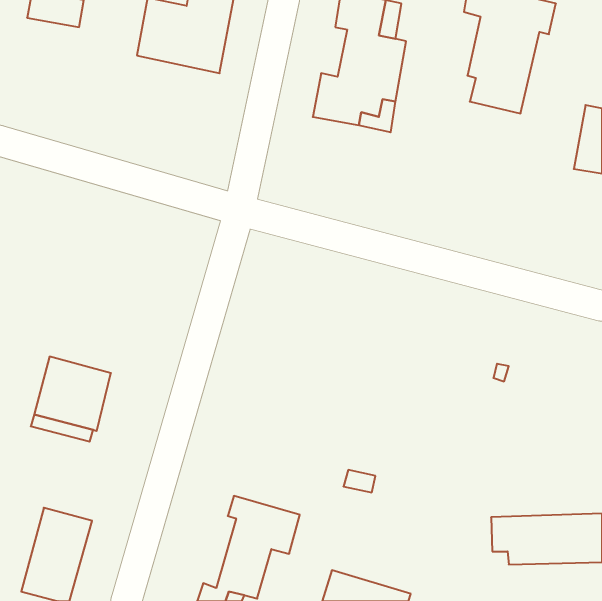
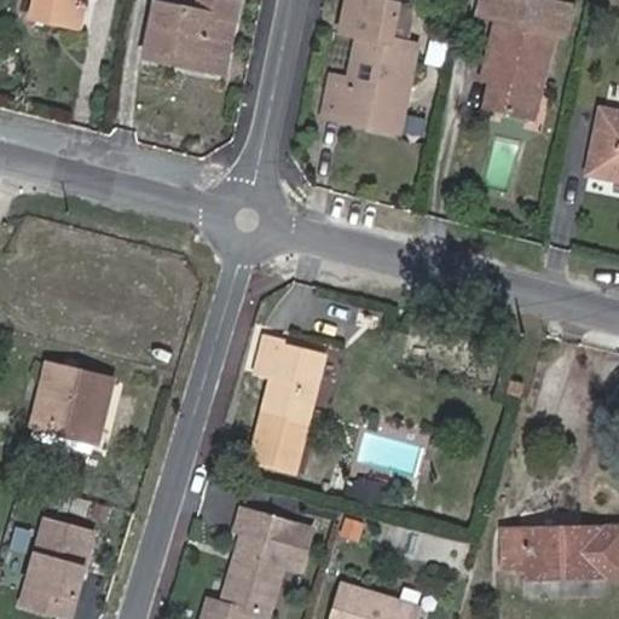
building: none -> [249,335,324,474]

